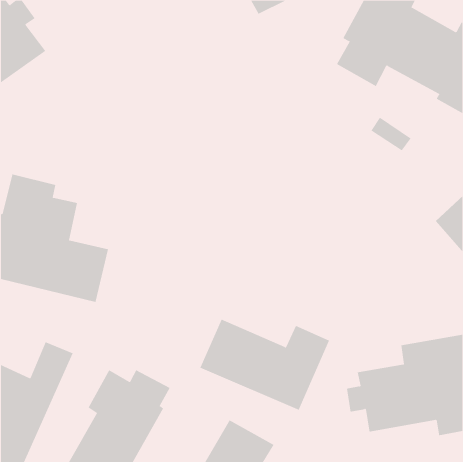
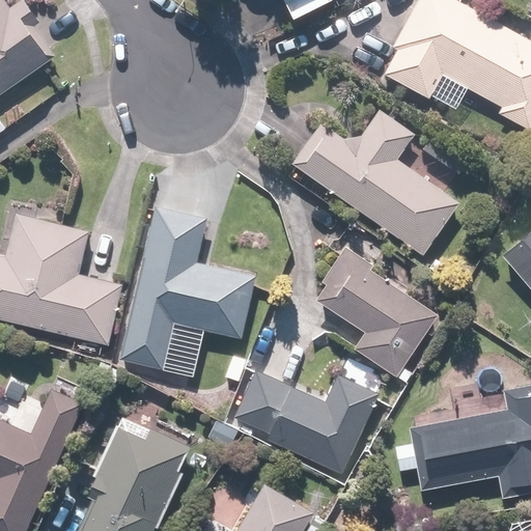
building: none -> [289,110,459,261]
building: none -> [121,202,256,367]
building: none -> [308,244,439,378]

